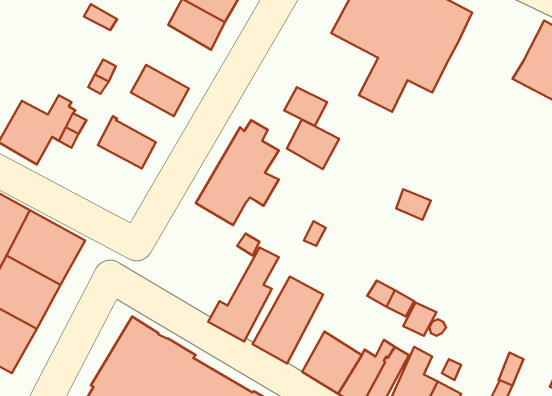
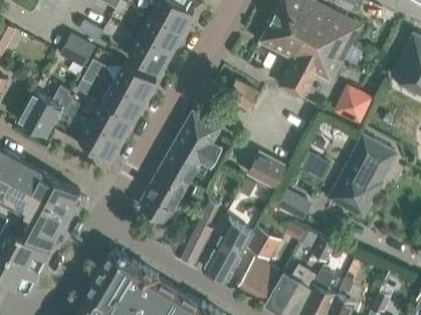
building: none -> [60,35,95,68]
building: none -> [129,36,172,74]
building: none -> [102,85,145,122]
building: none -> [341,89,374,125]
building: [287,119,339,169] -> [247,152,285,189]
building: none -> [78,123,122,161]
building: none -> [328,136,395,219]
building: none -> [139,166,188,227]
building: none -> [278,190,312,221]
building: none -> [246,229,279,260]

